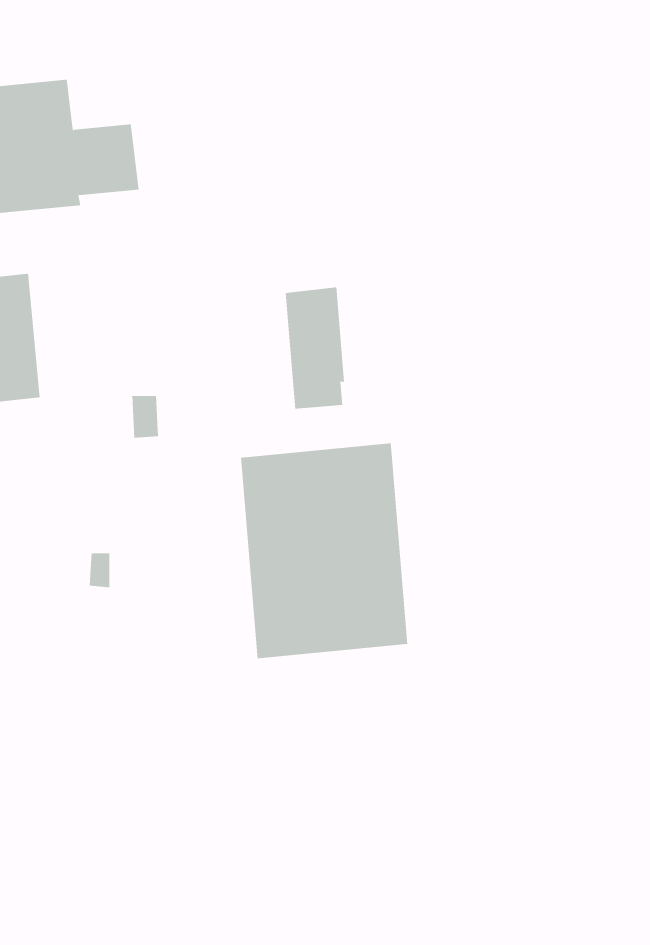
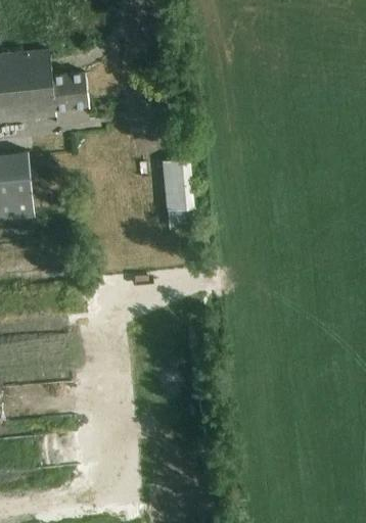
building: [240,443,408,659] -> none

